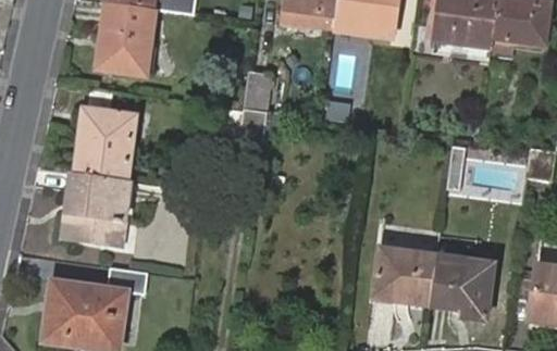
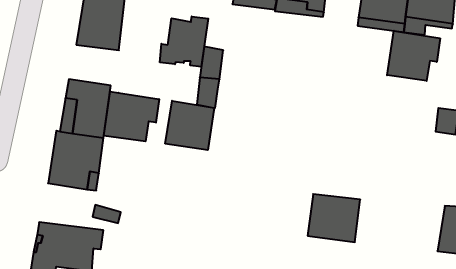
building: none -> [160,16,208,67]
building: none -> [387,31,440,81]
building: none -> [104,92,159,141]
building: none -> [165,101,214,150]
building: [430,254,495,319] -> none

